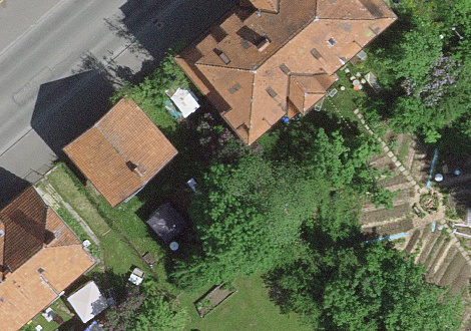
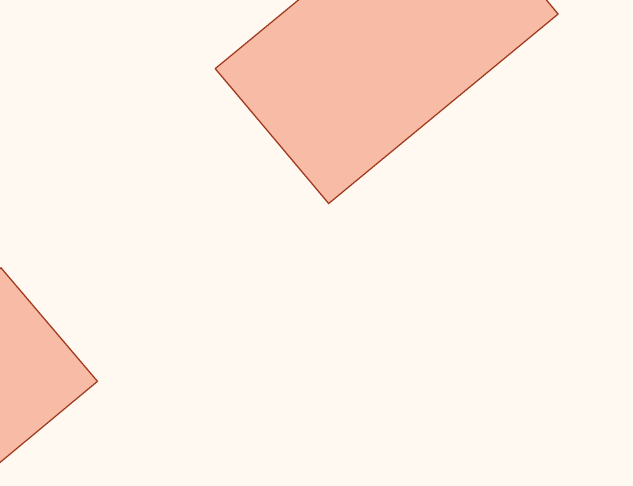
building: [65,98,176,209] -> none

